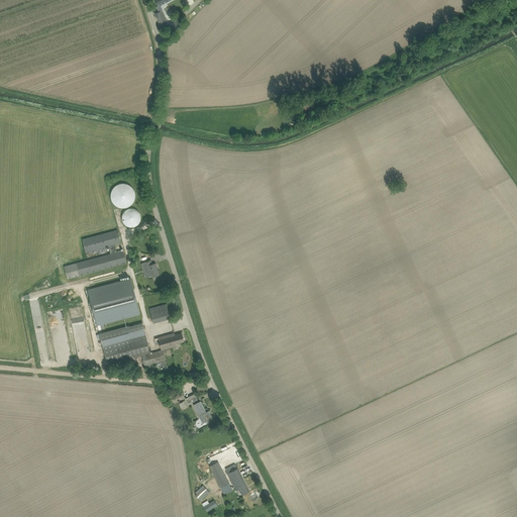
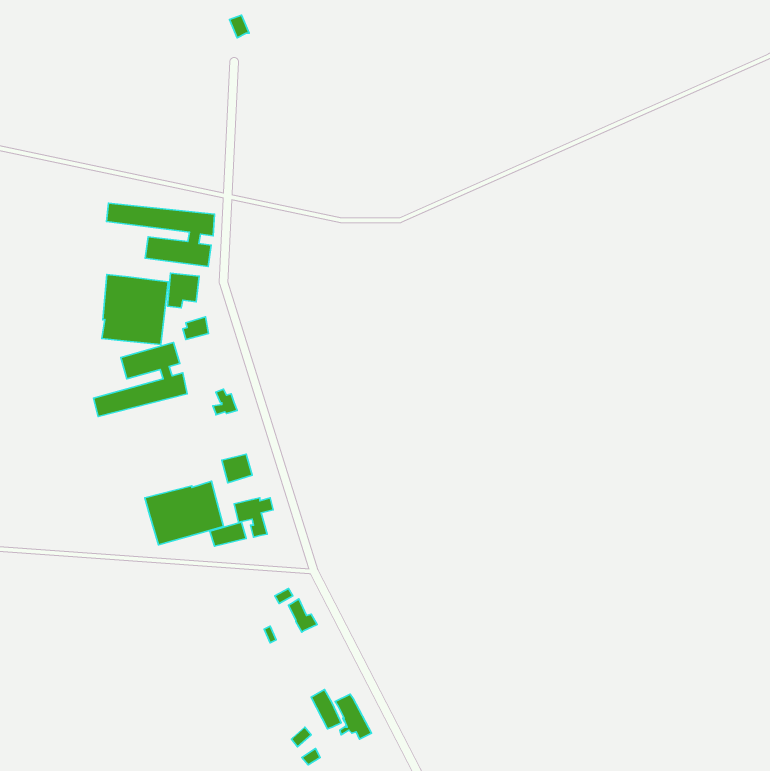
building: none -> [106,203,214,267]
building: none -> [102,275,168,345]
building: [87,279,139,328] -> none

